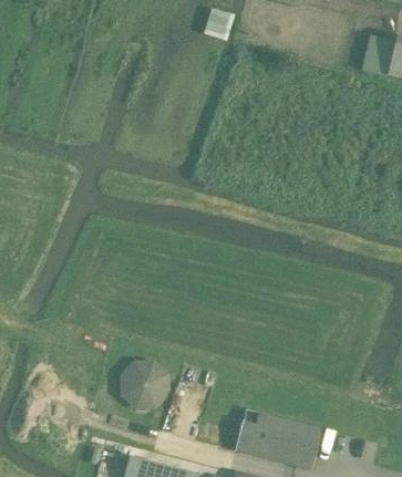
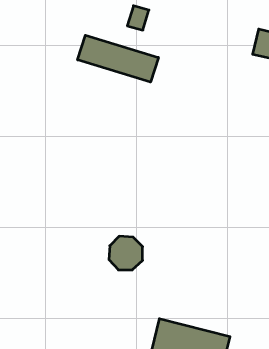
building: none -> [78,35,158,82]
building: [118,361,162,404] -> [109,236,143,270]

